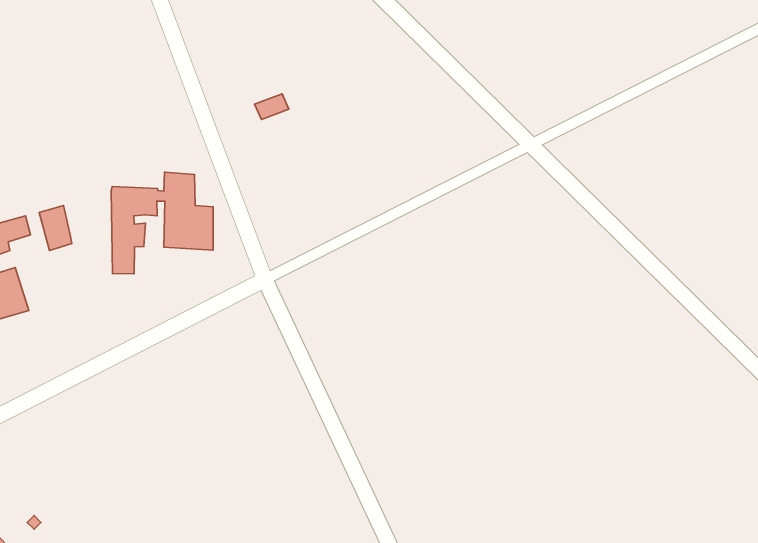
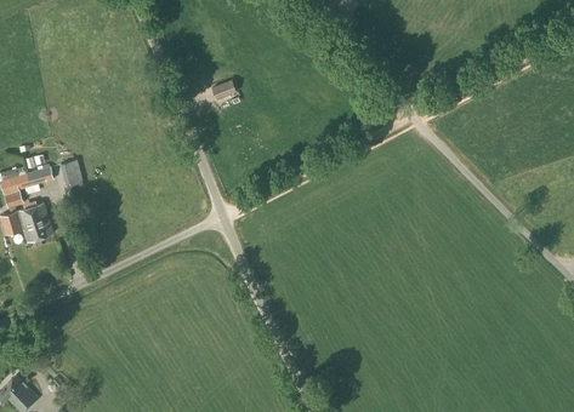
building: [111,172,213,274] -> none

